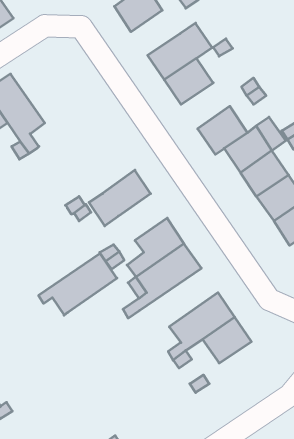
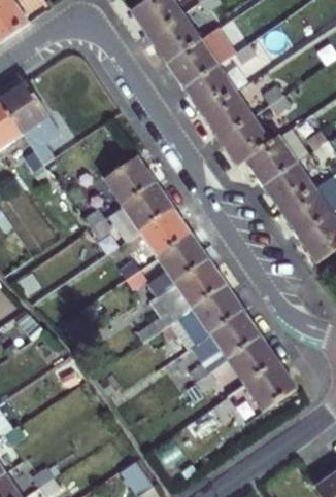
building: none -> [150,14,202,62]
building: none -> [203,91,255,139]
building: none -> [102,155,155,207]
building: none -> [137,207,189,256]
building: [39,254,117,315] -> [160,285,242,350]
building: none -> [243,362,295,411]

